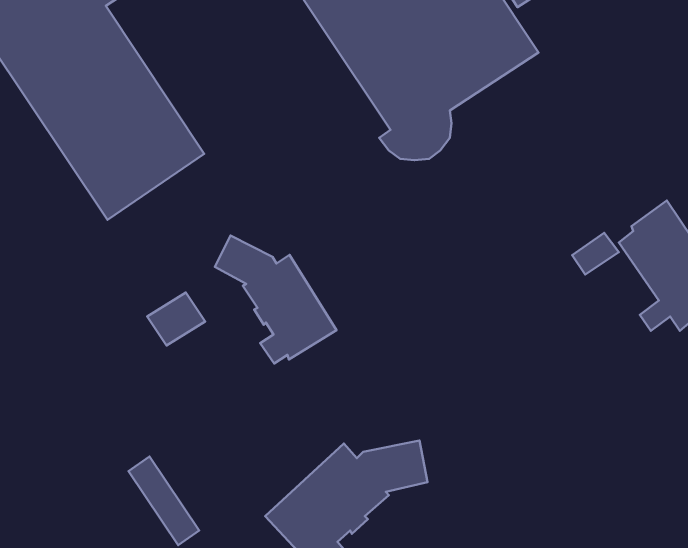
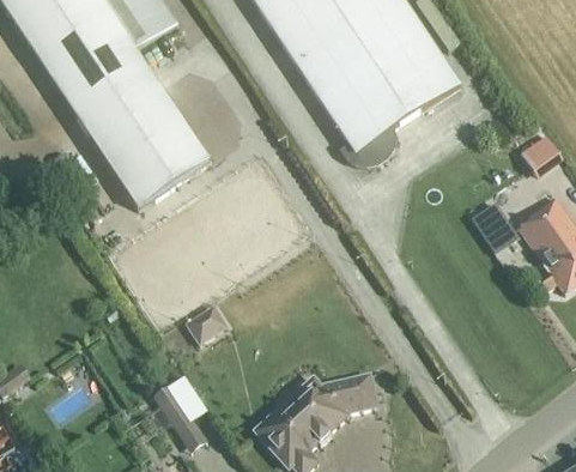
building: none -> [520,134,558,170]
building: [215,235,337,363] -> none
building: [147,293,205,346] -> [186,303,229,343]

